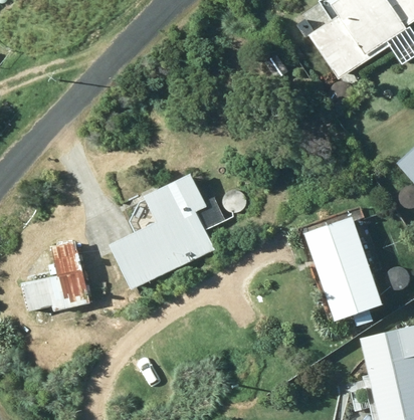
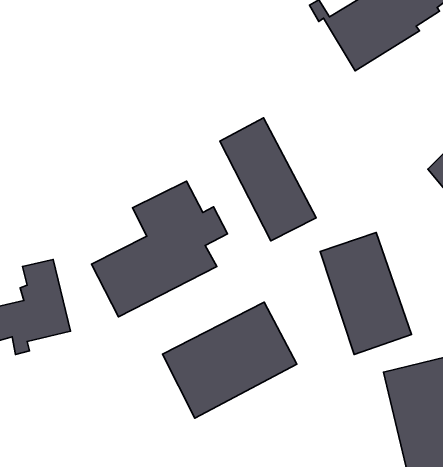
building: none -> [220,118,316,241]
building: none -> [162,302,297,418]

